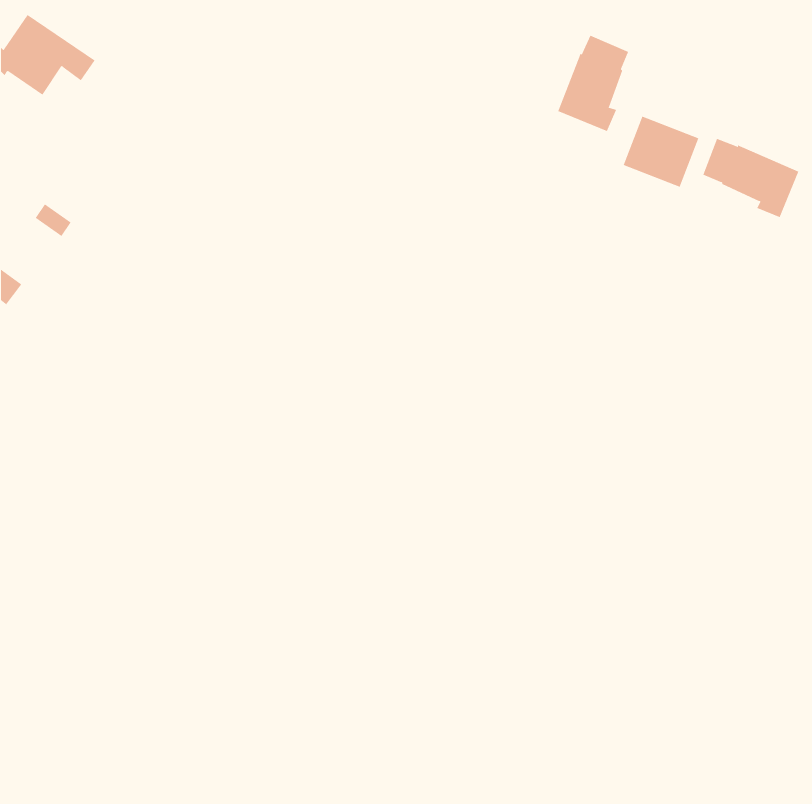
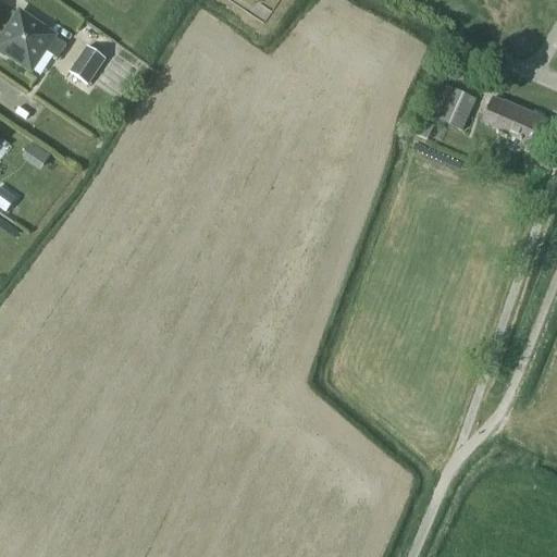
building: [558,35,629,132] -> none
building: none -> [67,42,104,82]

